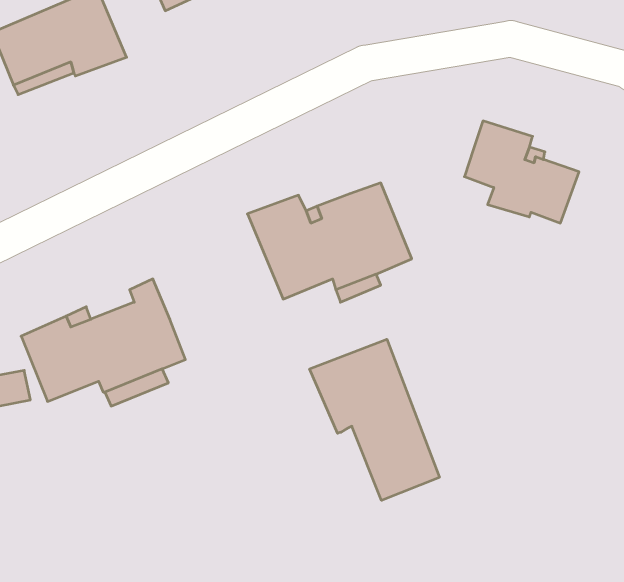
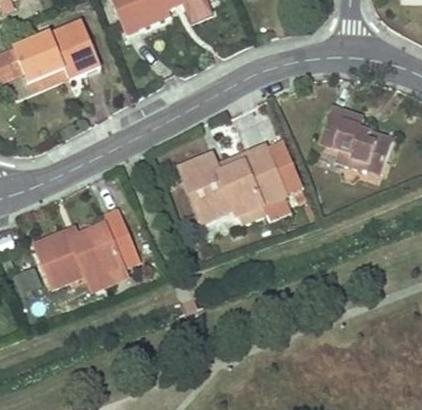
building: none -> [264,138,304,195]
building: [310,339,439,500] -> none

